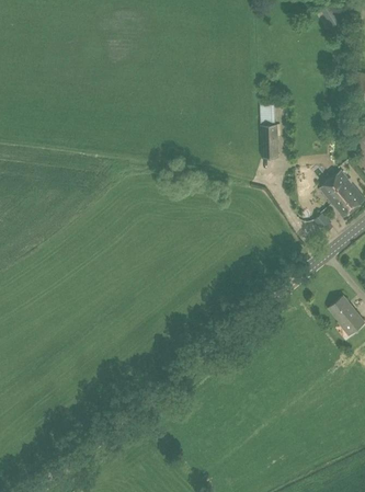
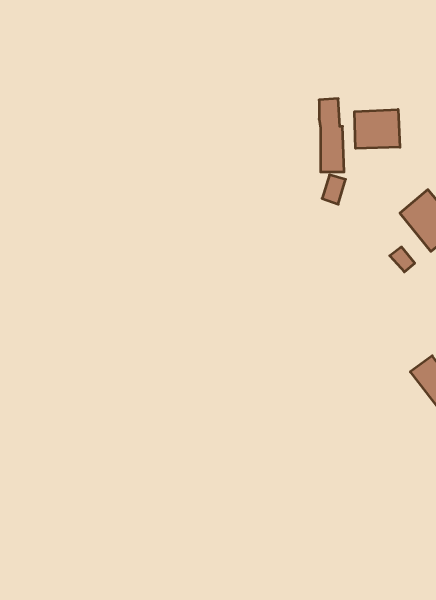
building: none -> [355,109,400,148]

